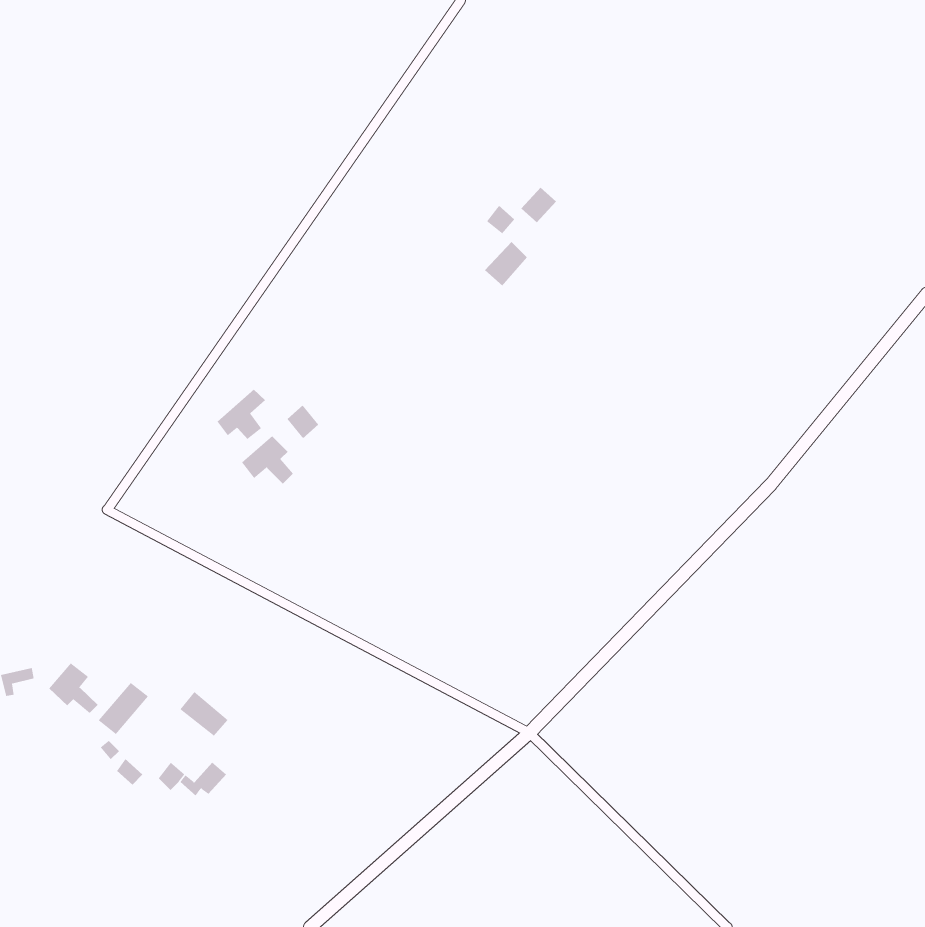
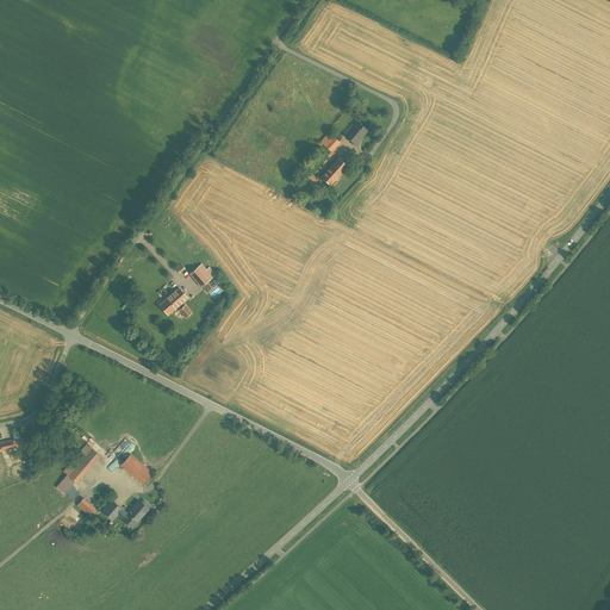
building: [217,389,266,440] -> none
building: [49,663,99,714] -> none

